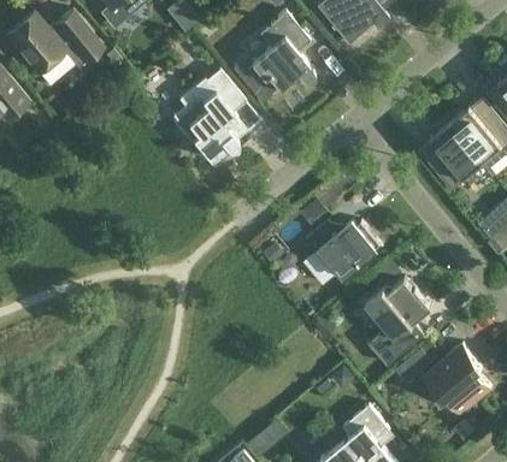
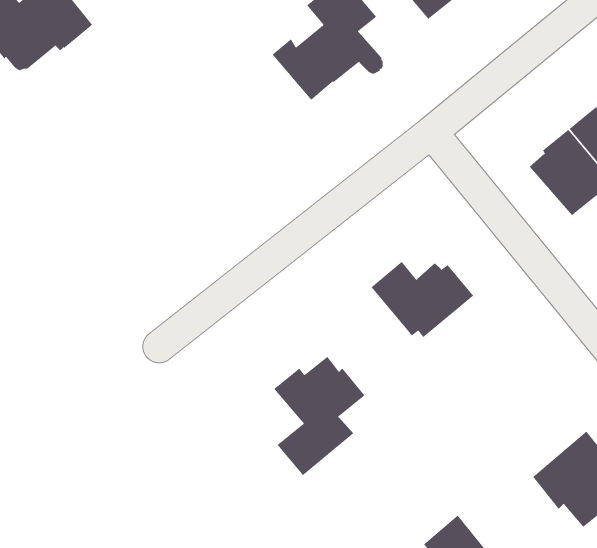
building: [172,69,246,160] -> none
building: [366,278,434,366] -> [273,356,366,476]

